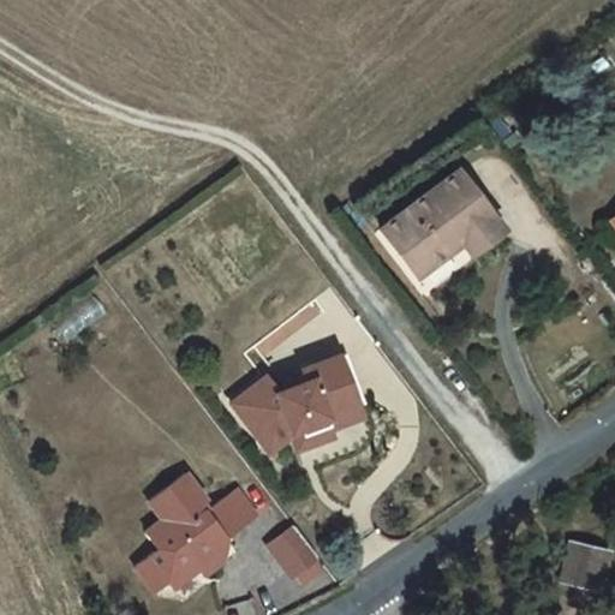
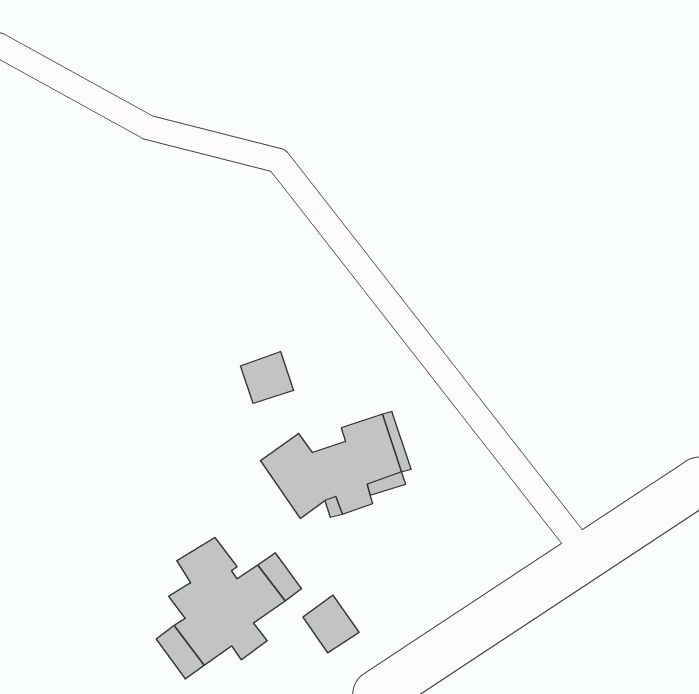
building: [388,173,504,287] -> none
building: none -> [240,351,294,403]
building: [553,536,596,581] -> none

